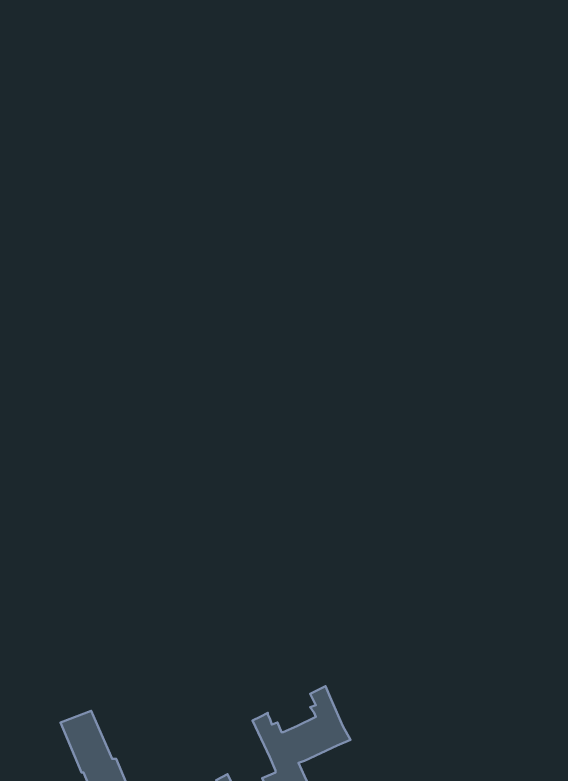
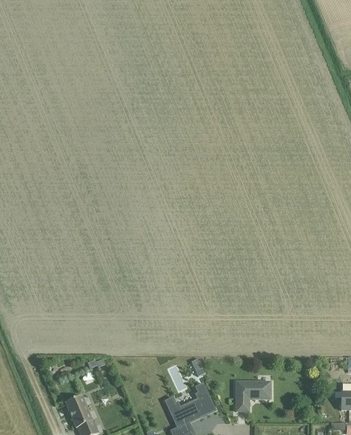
building: none -> [235,381,269,411]

